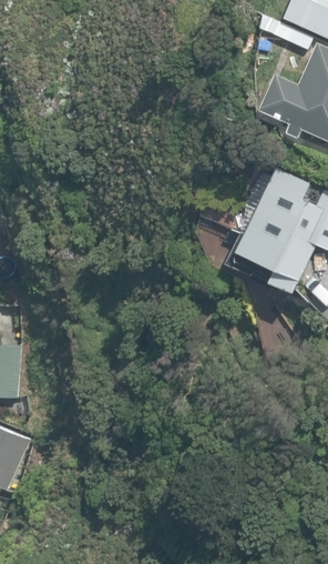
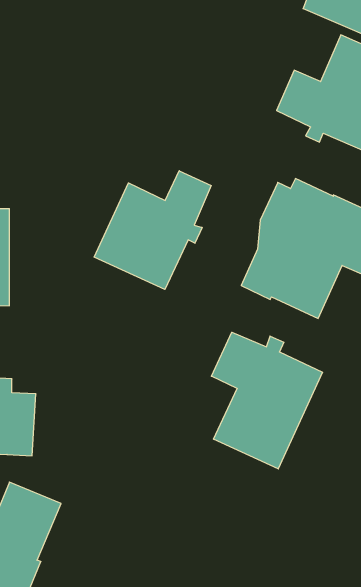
building: none -> [94,171,211,289]
building: none -> [211,332,323,469]

